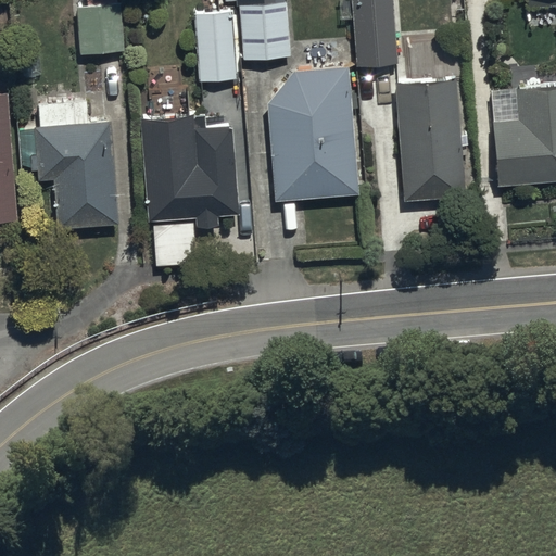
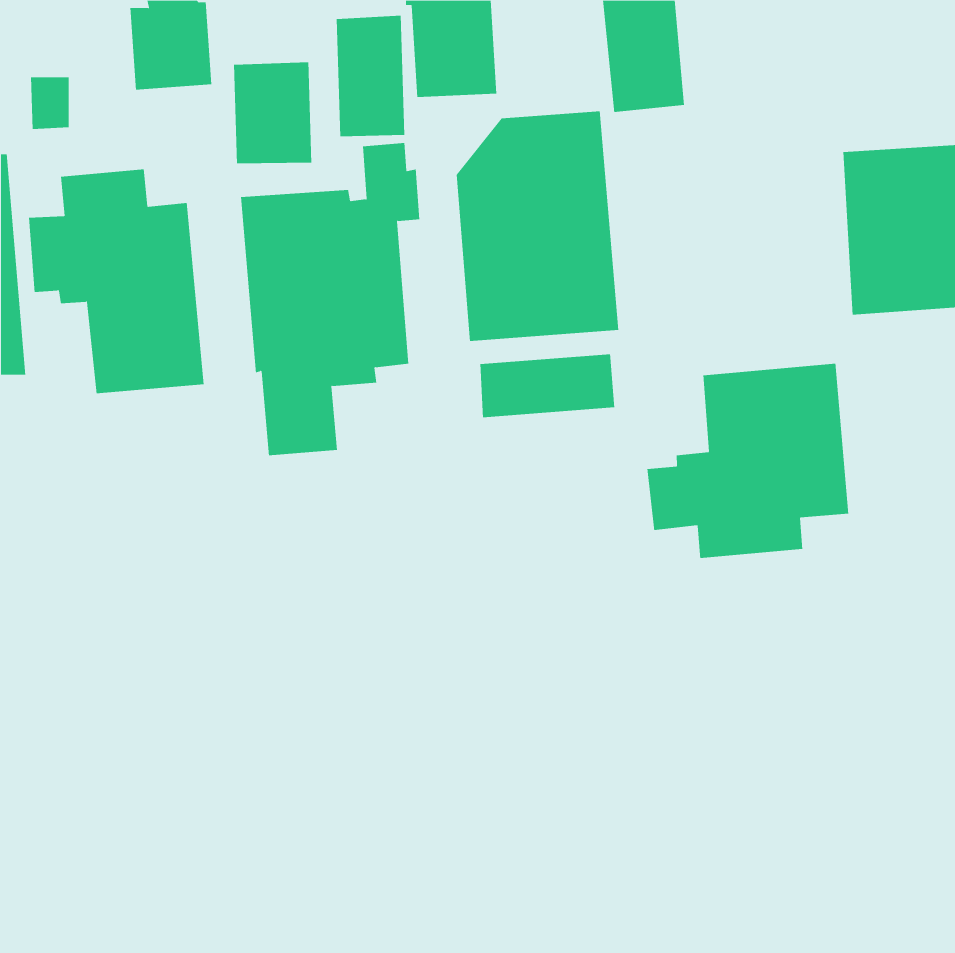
building: none -> [233,62,312,164]
building: [393,83,468,201] -> none
building: none -> [480,353,615,418]
building: none -> [647,363,849,559]

